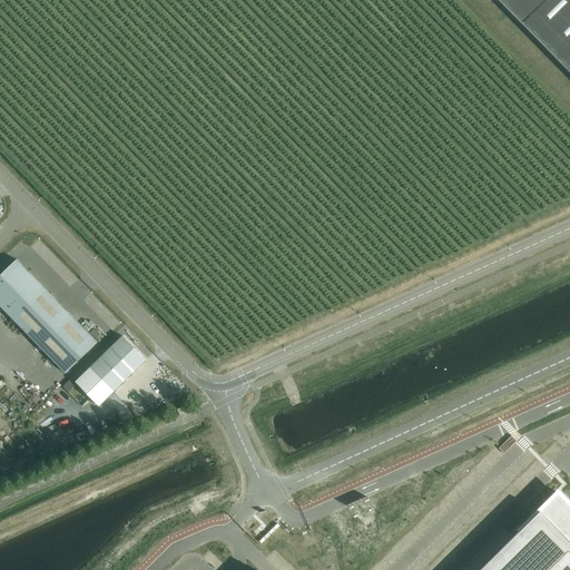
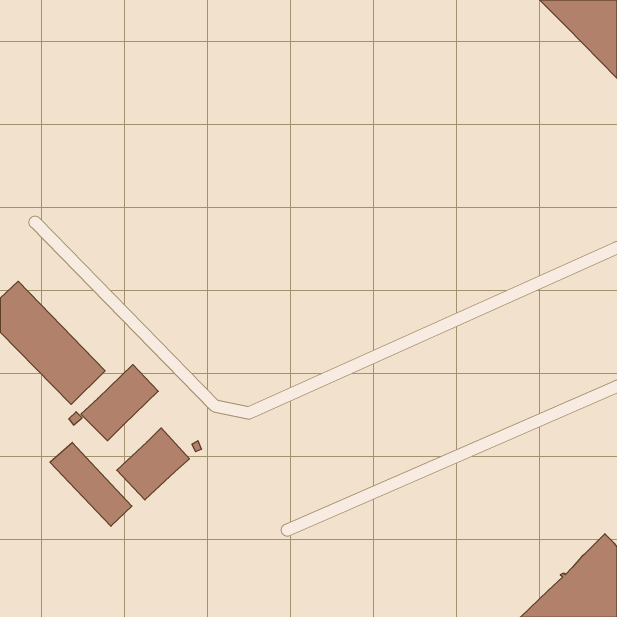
building: none -> [117,428,189,500]
building: none -> [50,442,132,526]

